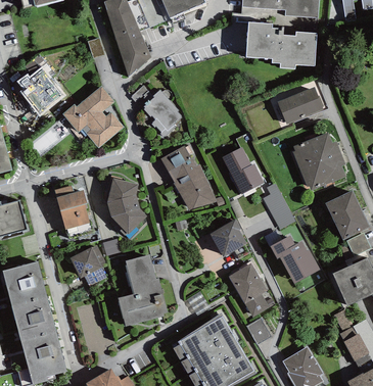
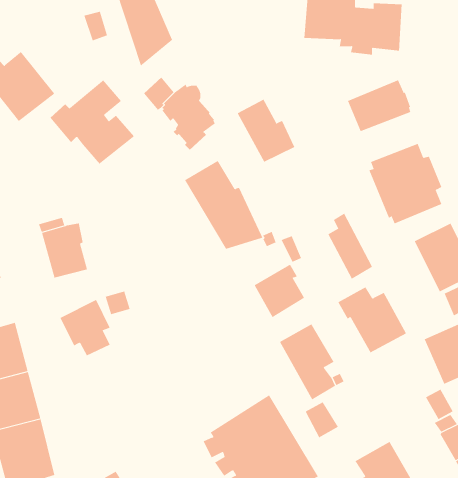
building: [222,148,264,194] -> [237,99,295,163]
building: [107,179,147,236] -> none
building: [118,254,168,327] -> none

